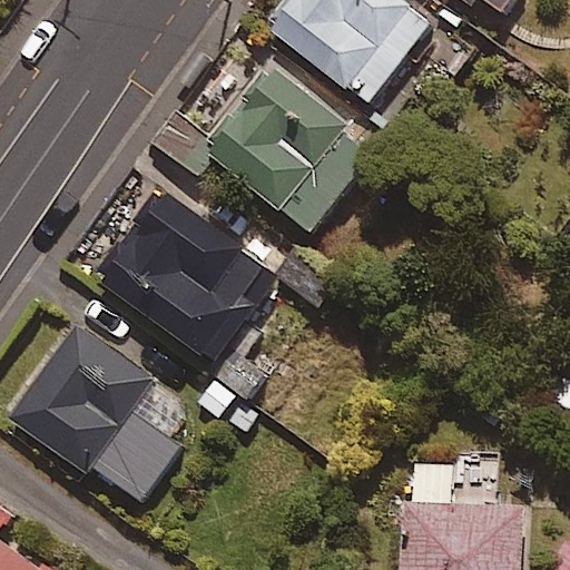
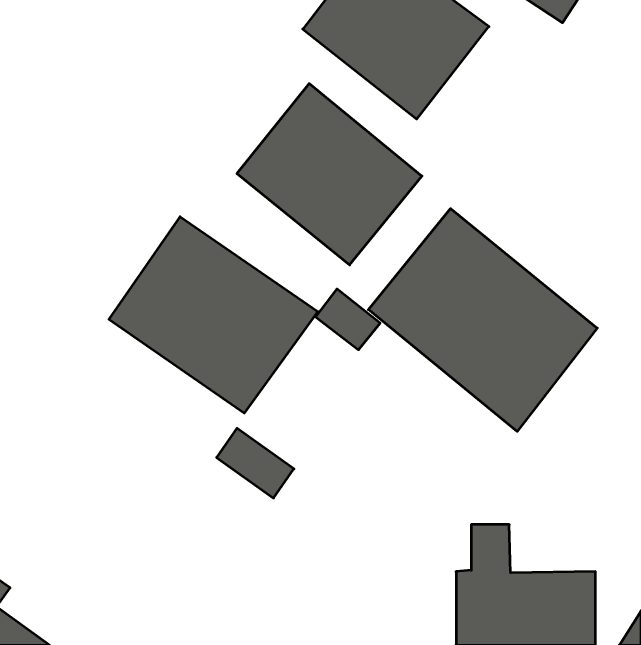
building: none -> [368,209,597,431]
building: [8,325,191,509] -> none

